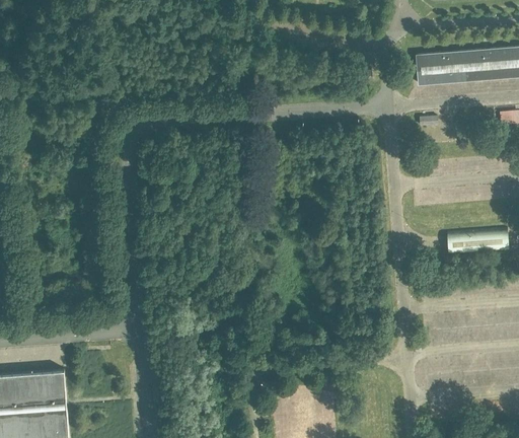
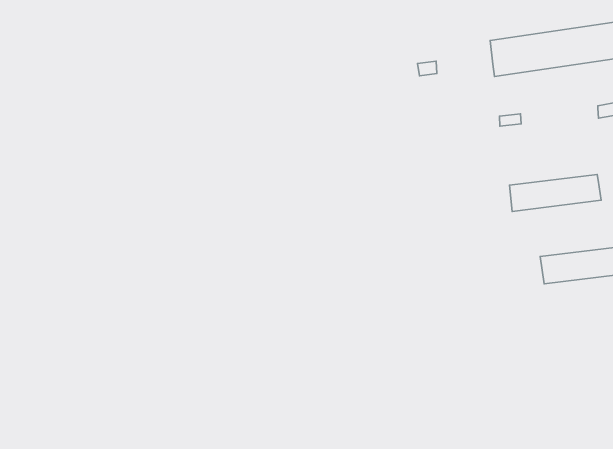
building: none -> [510,175,601,211]

